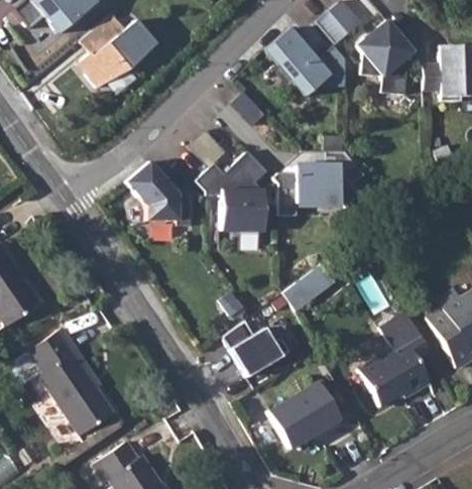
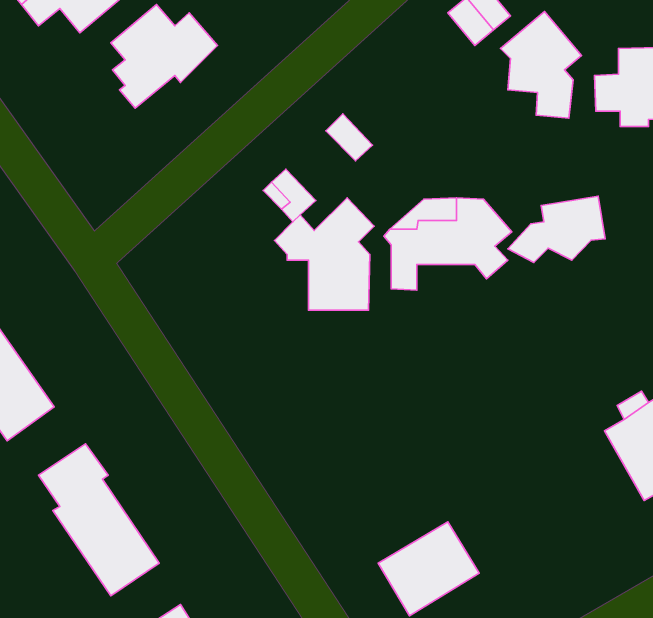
building: [266,27,331,96] -> none
building: none -> [508,196,605,262]
building: [125,163,190,228] -> none
building: [285,257,346,312] -> none
building: [360,313,433,406] -> none
building: [224,321,292,376] -> none

